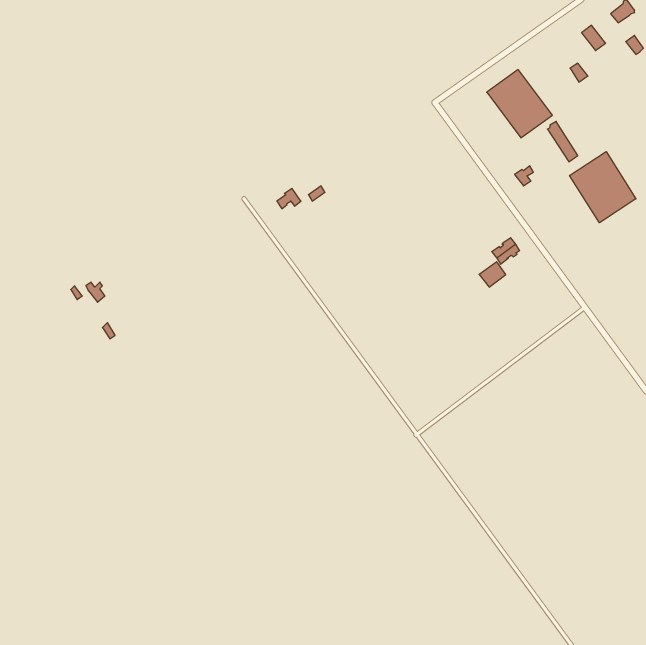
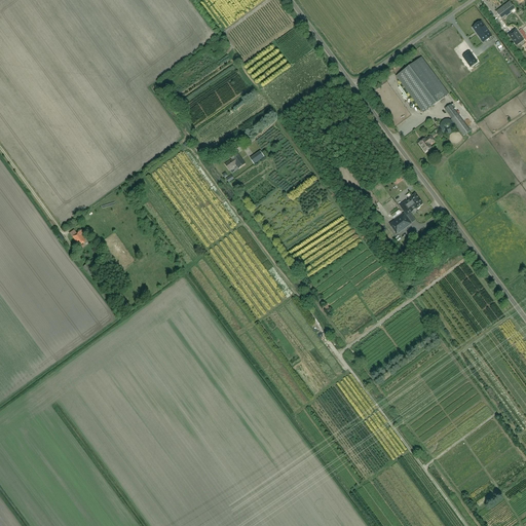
building: [570,152,636,223] -> none

